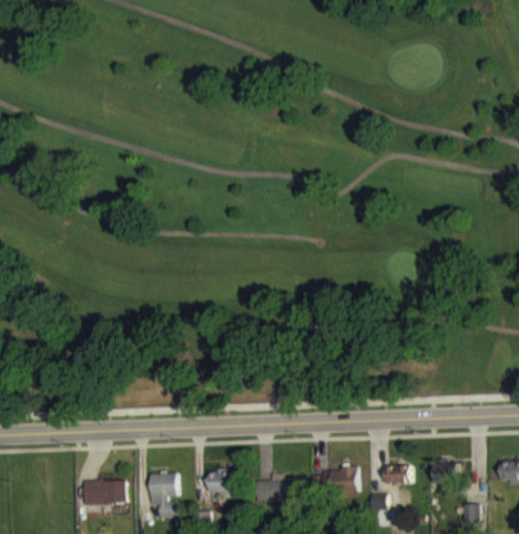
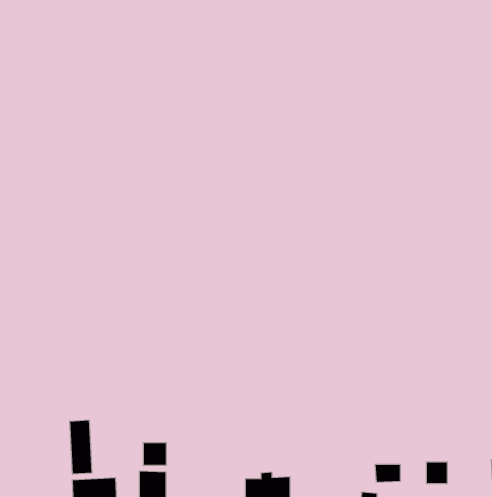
building: none -> [70,420,92,474]
building: [316,464,356,493] -> none
building: [207,470,231,492] -> [143,443,167,465]

